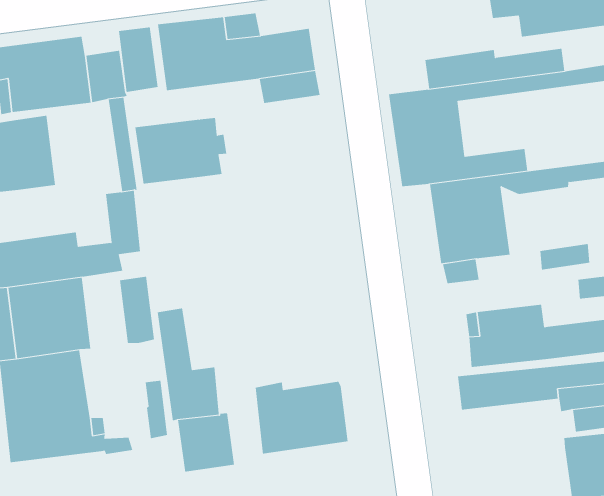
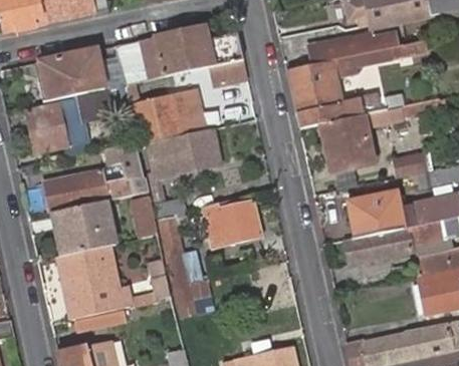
building: none -> [149,127,219,216]
building: [255,381,349,454] -> [201,199,262,248]

